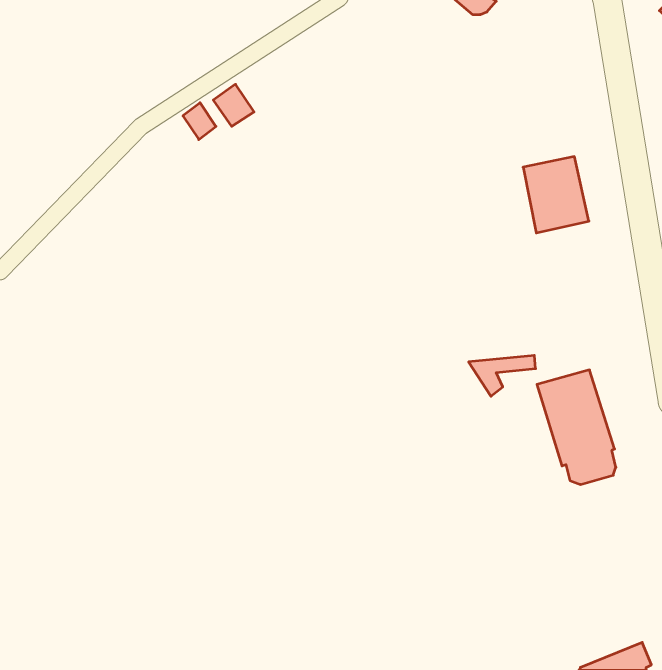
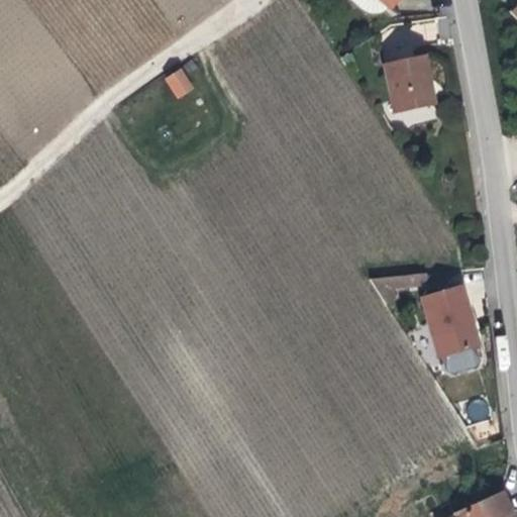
building: [523,157,589,233] -> [385,56,435,114]

